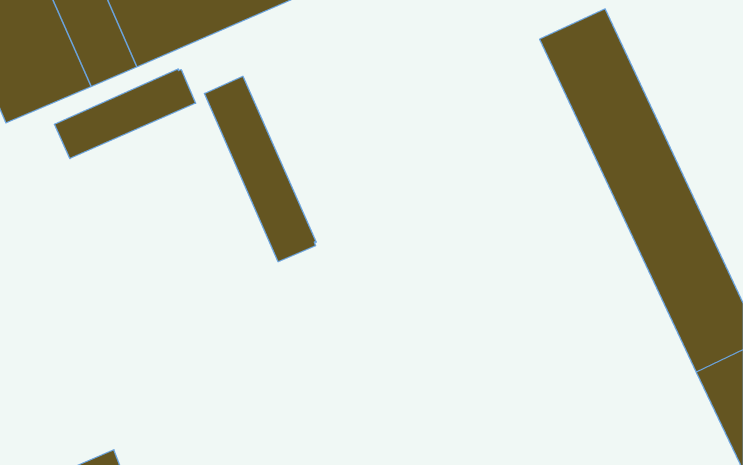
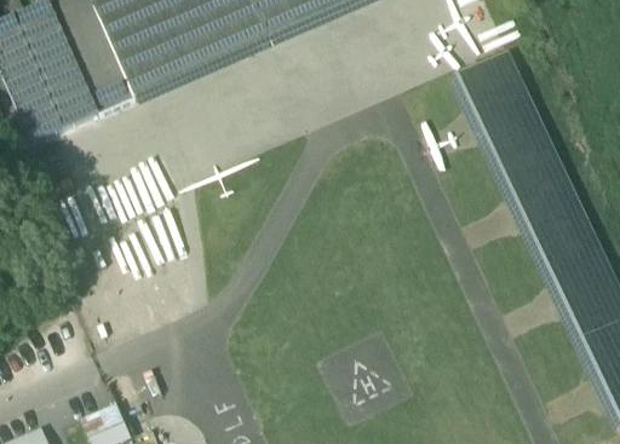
building: [54,69,196,159] -> none
building: [205,76,316,262] -> none

